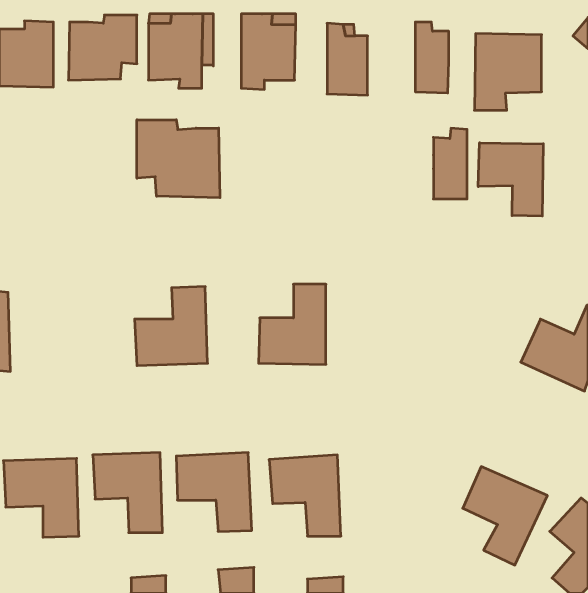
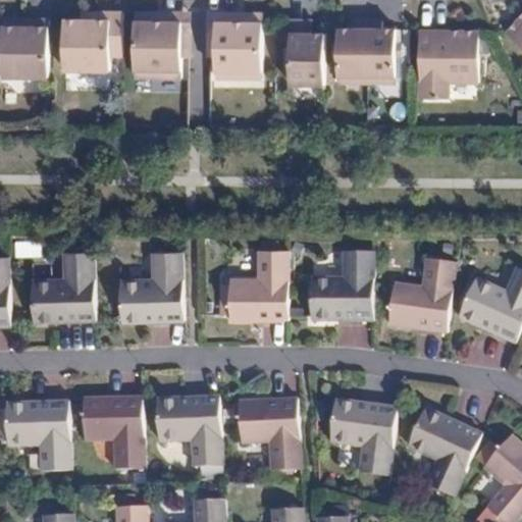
building: [137,120,220,198] -> none
building: [433,128,467,199] -> [335,18,365,81]
building: [478,143,543,216] -> none
building: none -> [310,251,372,320]
building: none -> [30,252,95,321]
building: none -> [387,260,455,333]
building: none -> [329,400,397,476]

